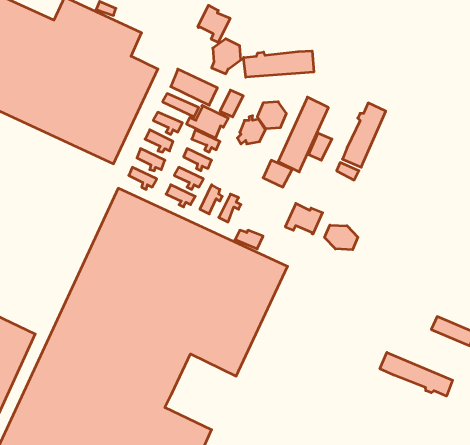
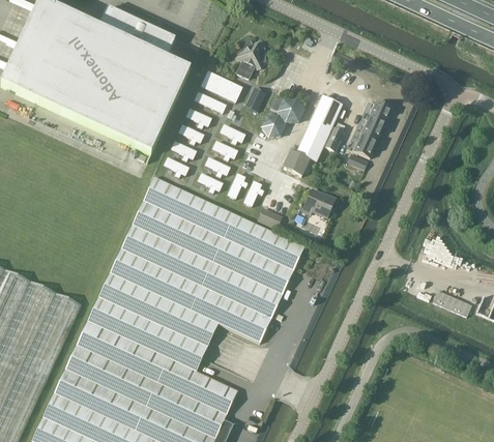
building: [198,5,230,43] -> none
building: [244,51,314,77] -> none
building: [187,105,228,138] -> none
building: [325,225,358,250] -> none
building: [380,352,453,396] -> none

